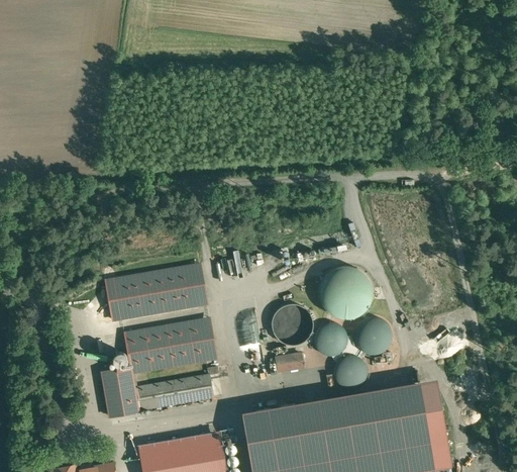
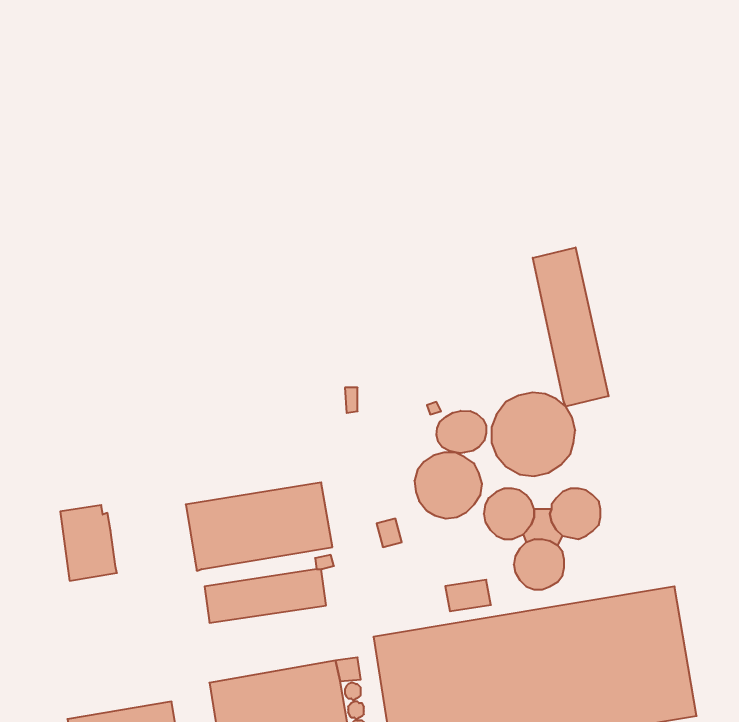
building: none -> [533,247,609,407]
building: [114,258,208,317] -> none
building: none -> [437,411,486,453]
building: [274,352,303,372] -> [445,580,491,611]
building: [103,369,139,417] -> [60,505,117,581]

